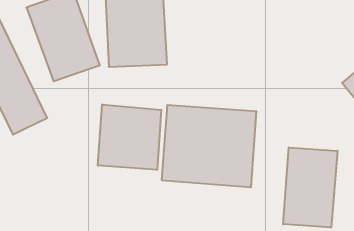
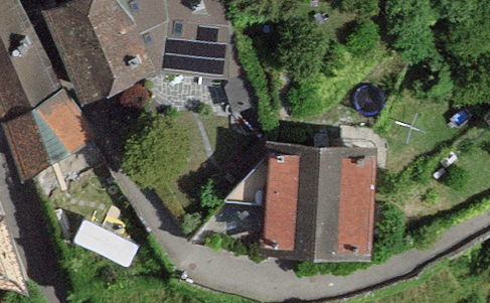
building: [98,104,161,170] -> none
building: [283,147,337,228] -> none

